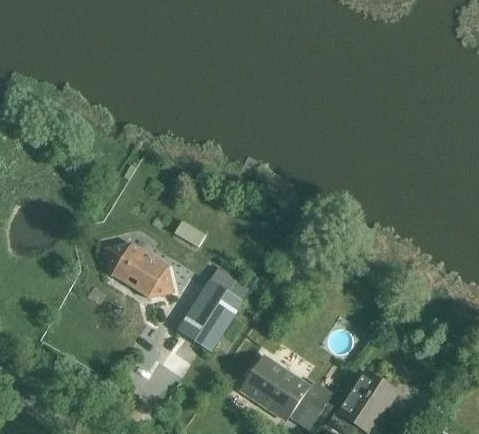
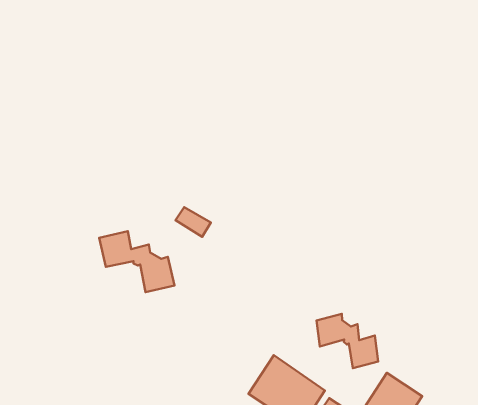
building: [177,278,243,351] -> none
building: none -> [316,314,378,368]

